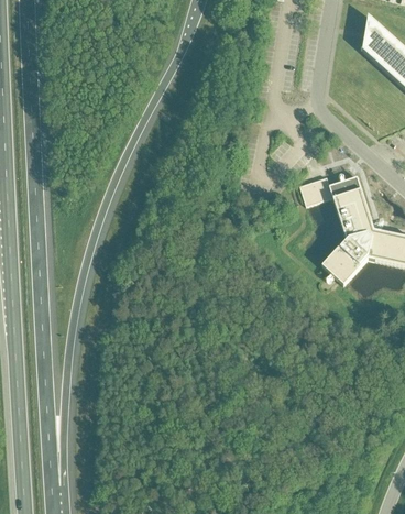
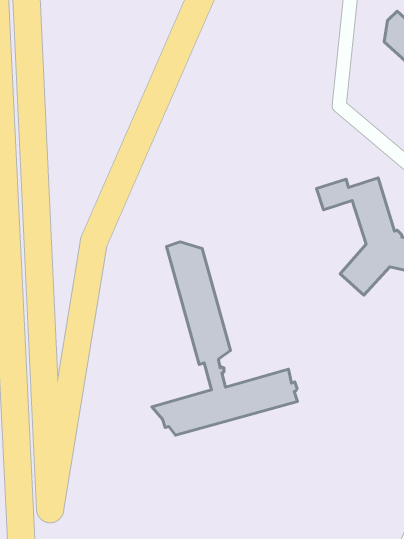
building: none -> [152,242,298,435]

